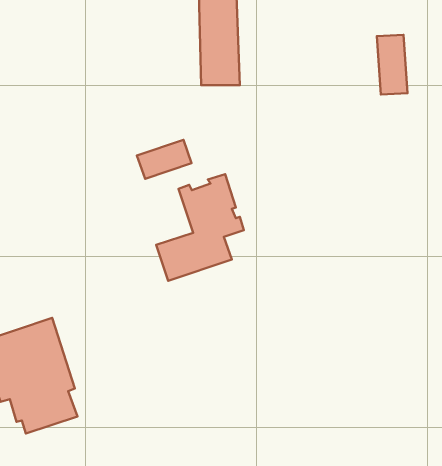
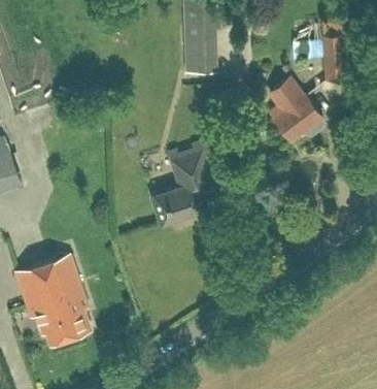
building: none -> [269,77,322,141]
building: [137,140,192,179] -> none

